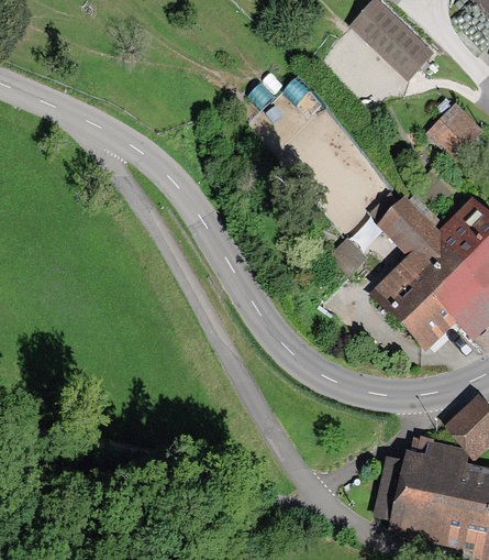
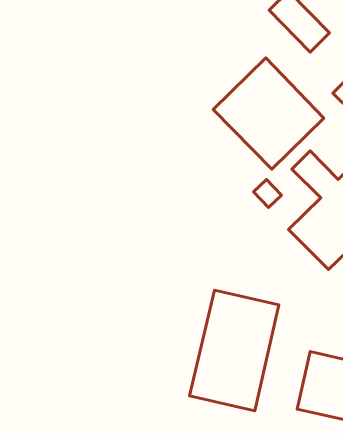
building: none -> [213,58,324,169]
building: none -> [190,290,279,411]

